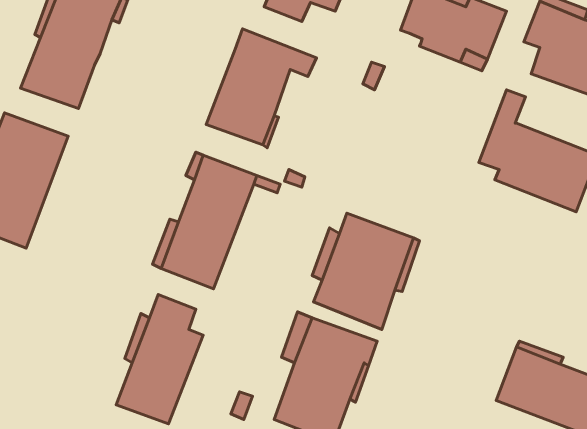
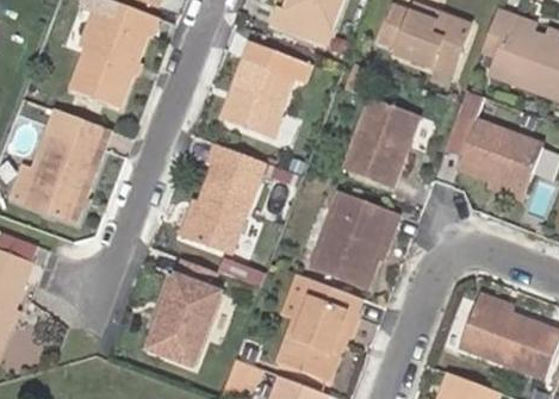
building: none -> [342,96,418,188]

